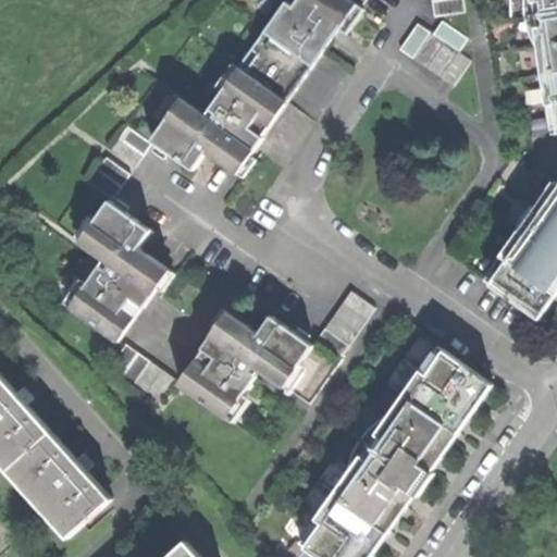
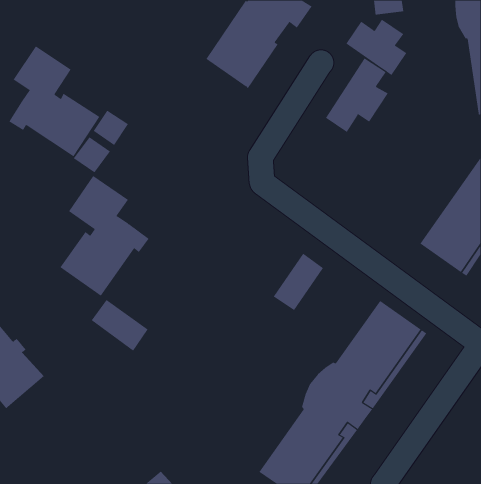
building: none -> [9,45,100,157]
building: none -> [325,57,388,133]
building: [150,67,283,177] -> none
building: [176,307,310,418] -> none
building: [7,432,110,536] -> none

